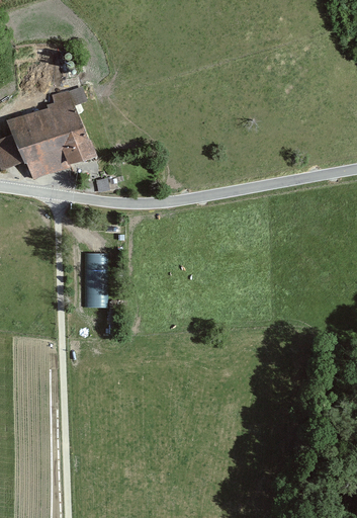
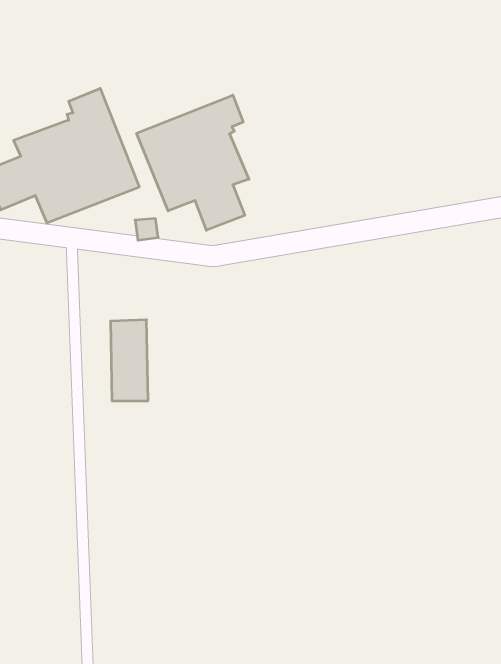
building: none -> [137,95,249,230]

